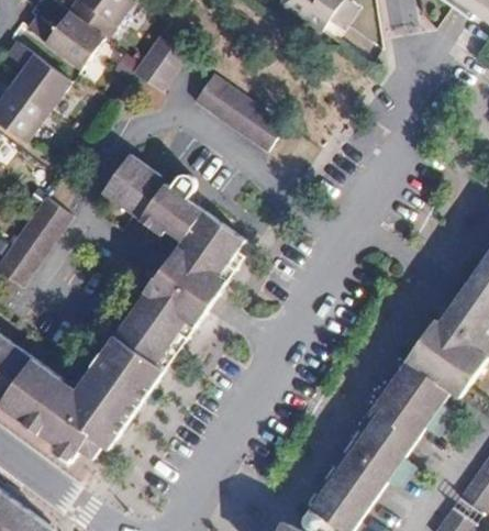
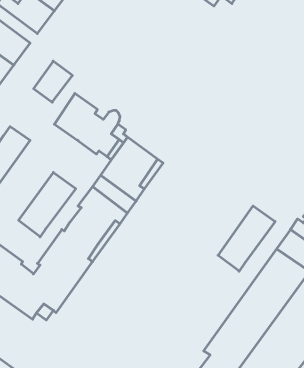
building: [132,35,185,91] -> [34,61,72,102]
building: [191,74,281,150] -> none
building: none -> [19,172,76,237]
building: none -> [218,206,275,271]

